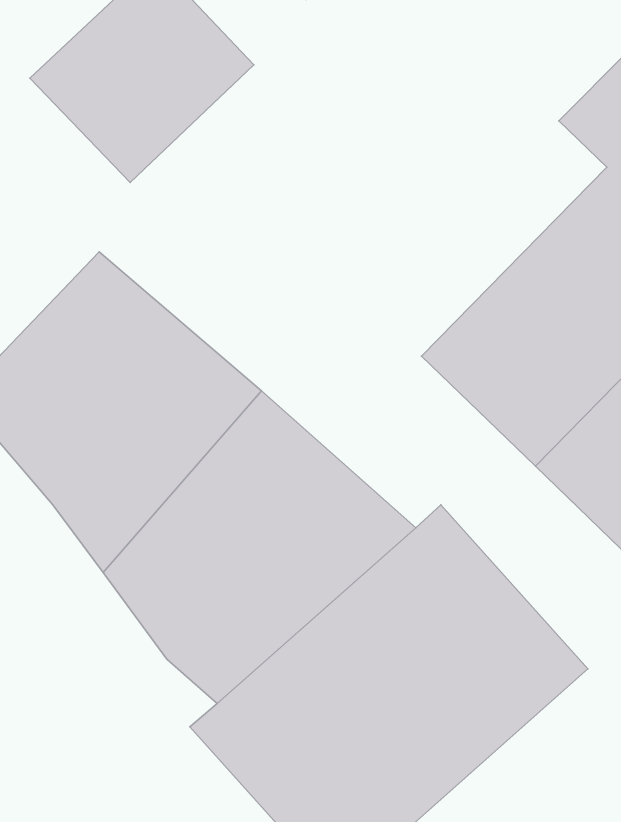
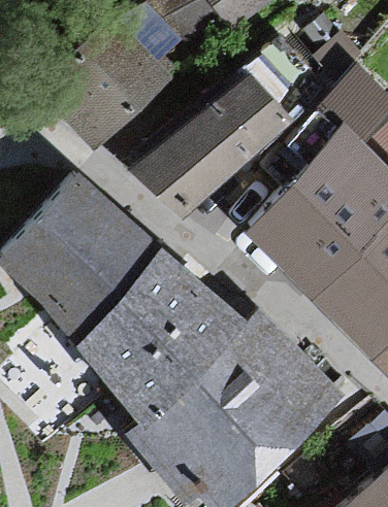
building: none -> [139,73,286,213]

